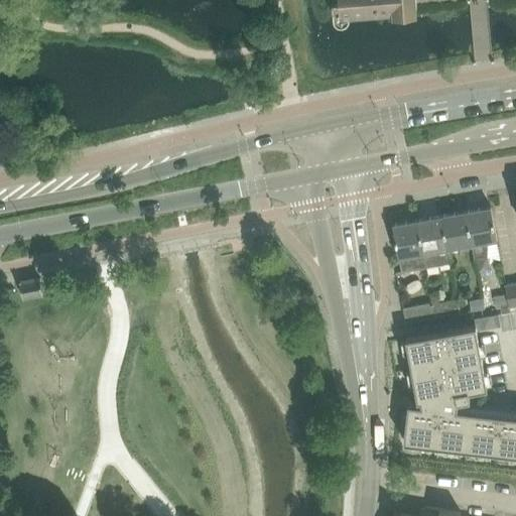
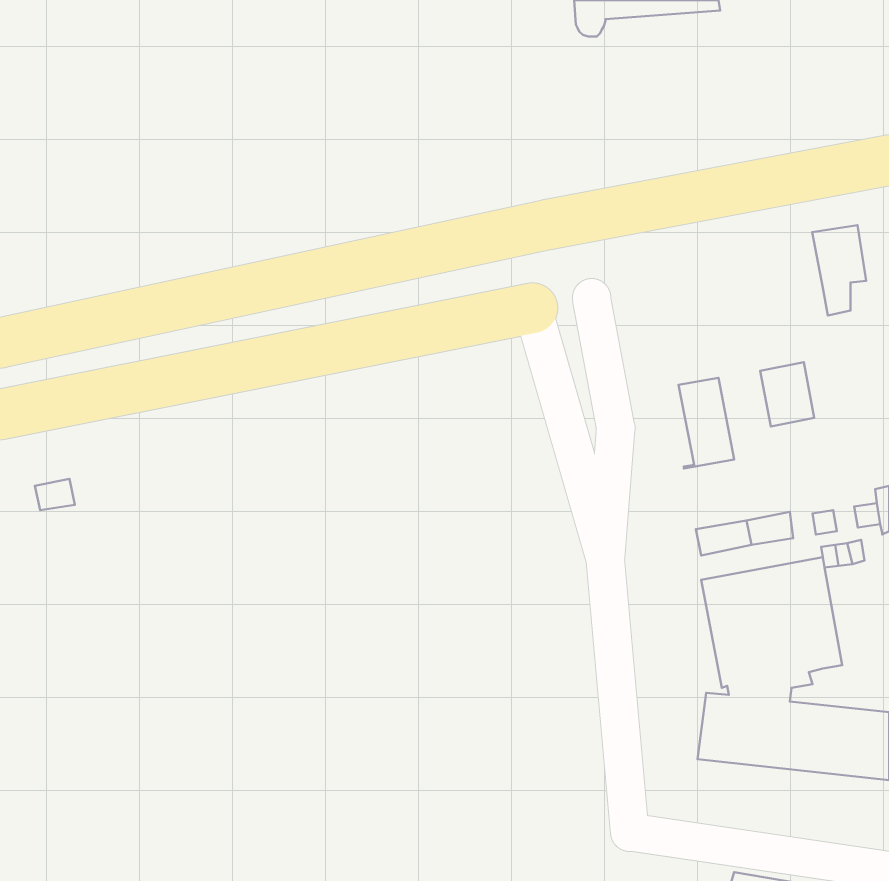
building: [466,211,497,263] -> [812,225,866,316]
building: [416,220,449,271] -> none

